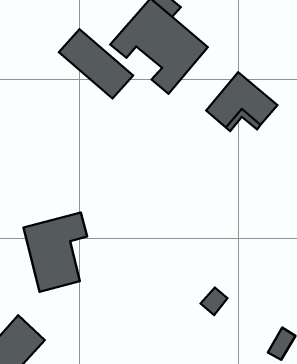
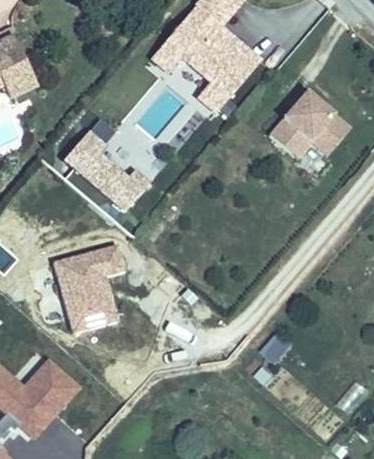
building: [59,29,133,99] -> [67,135,150,213]

